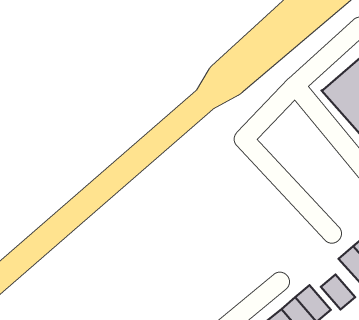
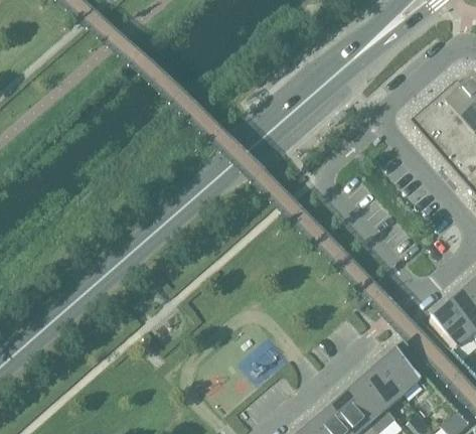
building: [321,274,355,310] -> none

